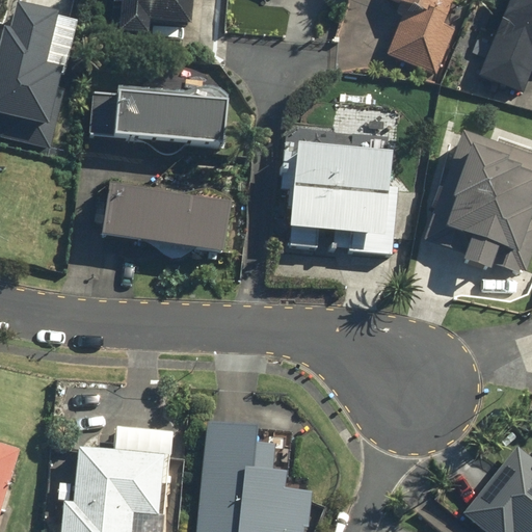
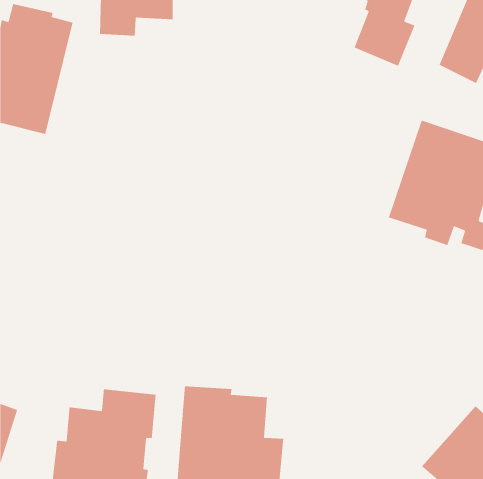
building: [89,86,228,149] -> none
building: [277,124,400,259] -> none
building: [103,187,230,256] -> none

